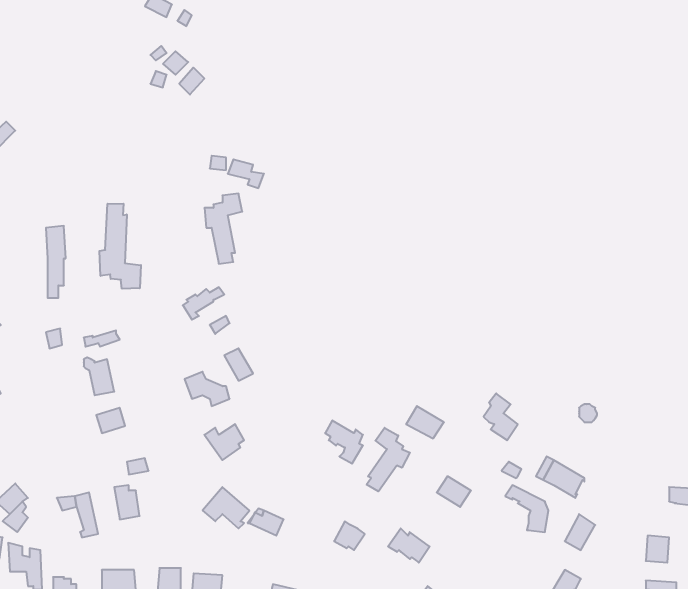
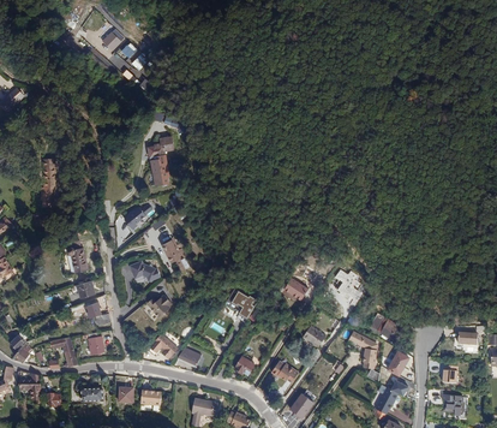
building: [99,204,141,289] -> none
building: [367,428,410,491] -> none

